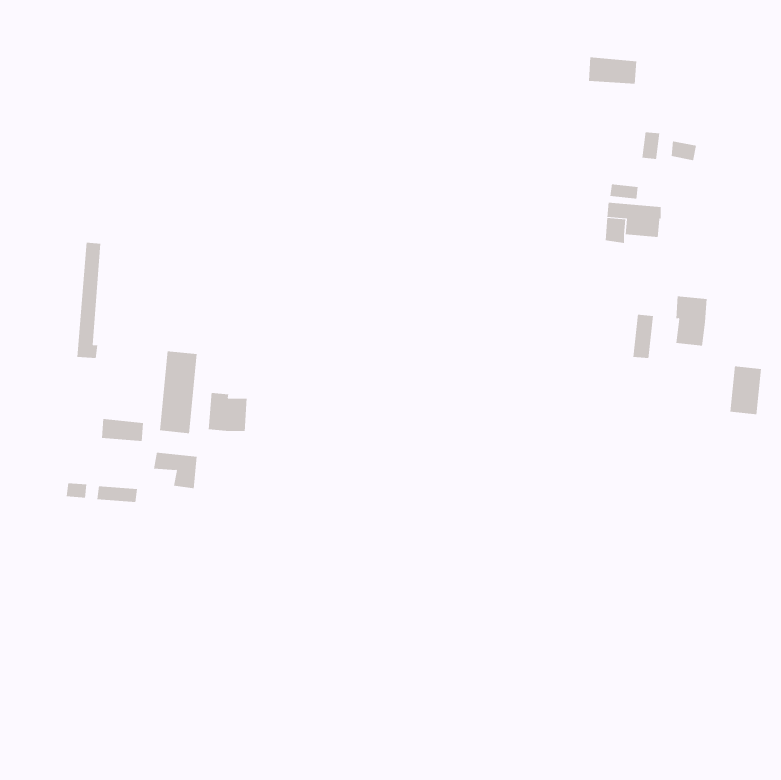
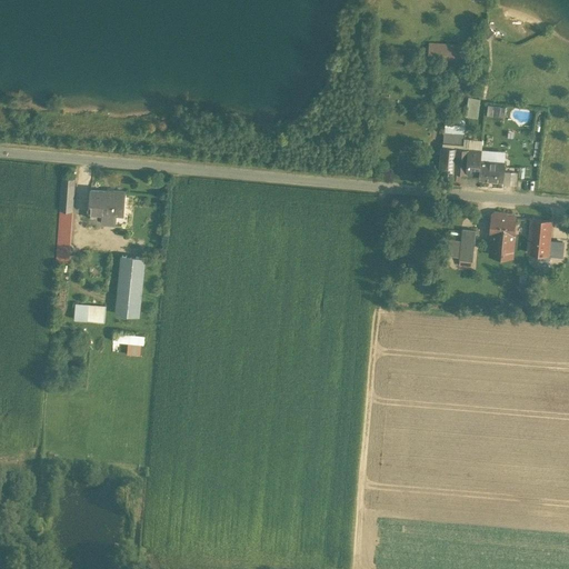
building: none -> [478,161,505,182]
building: none -> [89,191,123,216]
building: [730,366,762,415] -> [527,220,550,256]
building: [208,392,247,432] -> none

